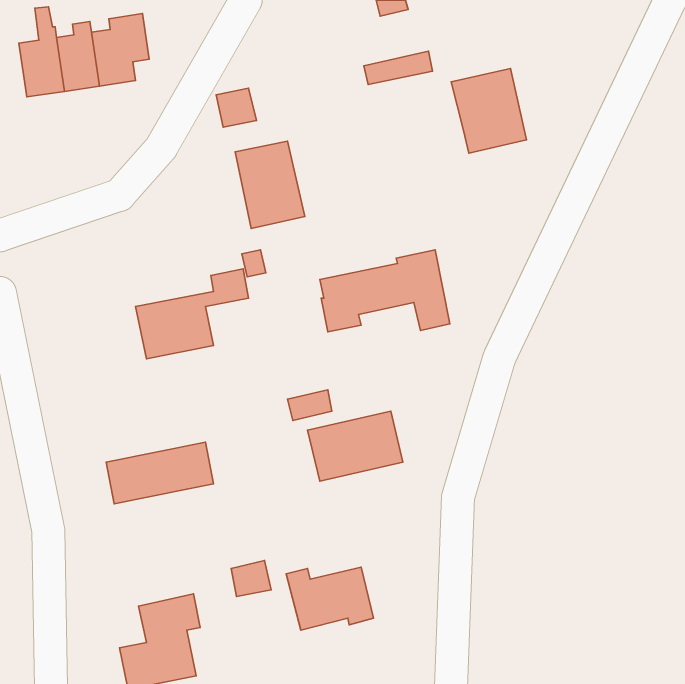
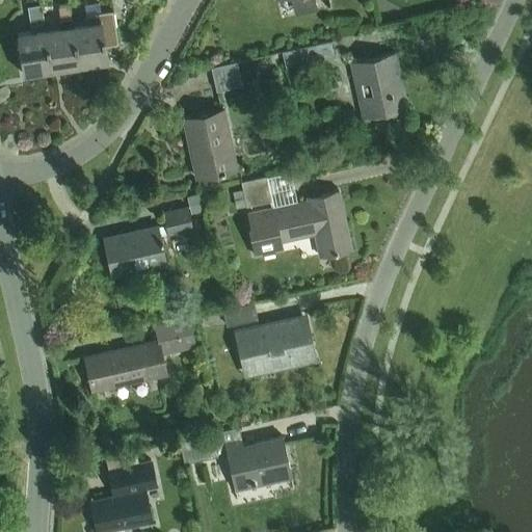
building: [216,88,257,127] -> [212,61,243,91]
building: none -> [241,178,271,208]
building: none -> [155,318,191,352]

